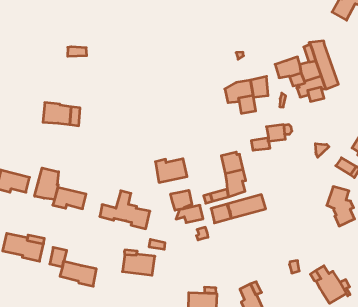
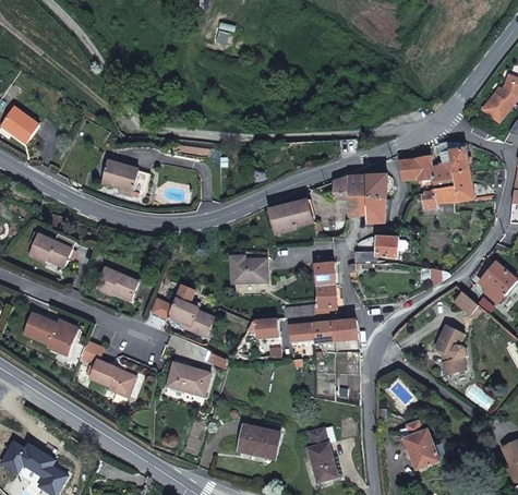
building: none -> [366,197,385,224]
building: none -> [269,200,313,233]
building: [35,168,59,199] -> none
building: [171,190,192,210] -> none

